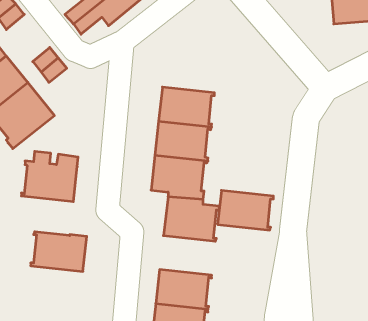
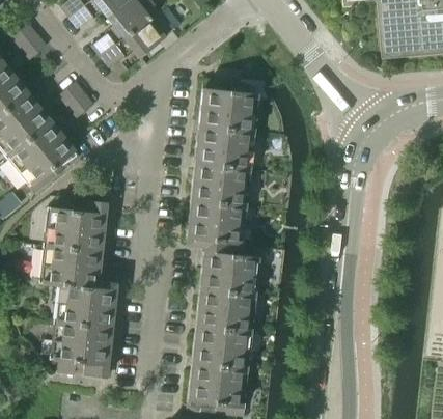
building: none -> [198,80,259,133]
building: [218,190,273,230] -> [195,289,256,333]
building: none -> [39,246,101,289]
building: none -> [50,323,111,379]

